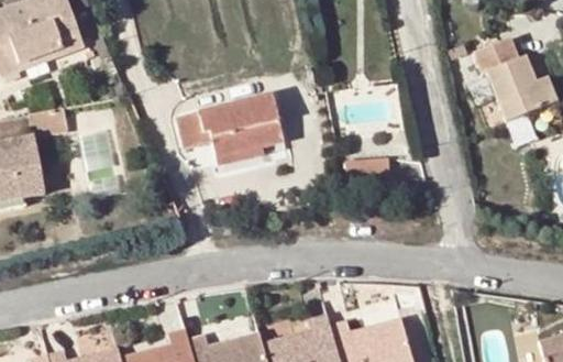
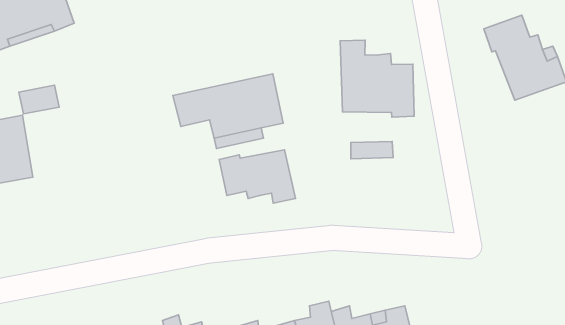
building: none -> [340,40,414,117]
building: none -> [219,150,295,203]

